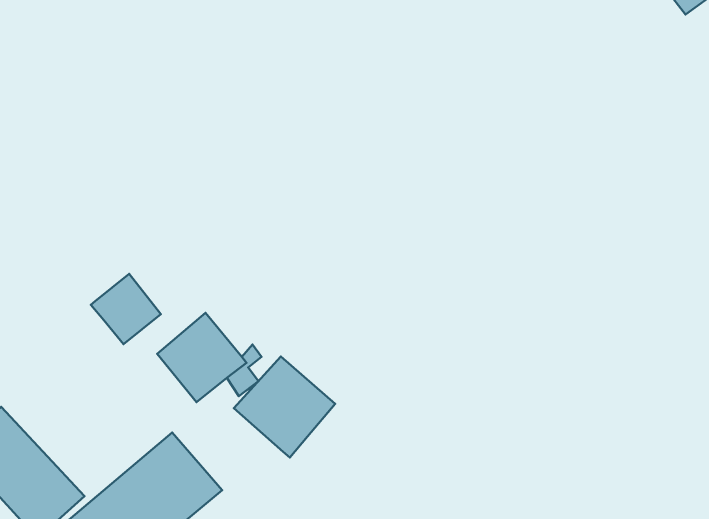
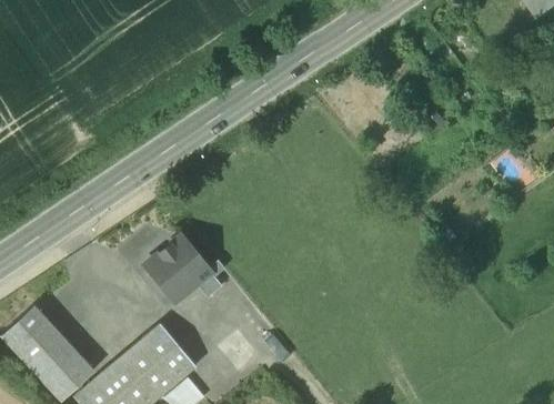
building: [91,274,161,344] -> none
building: [234,356,335,458] -> none

